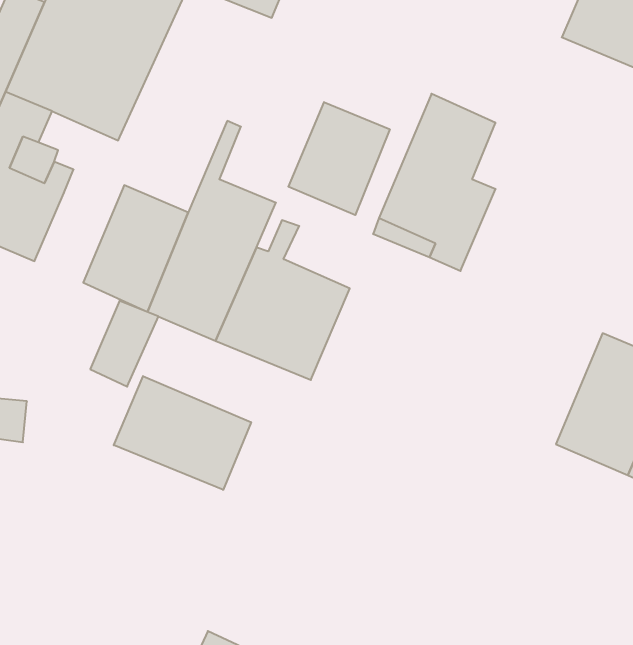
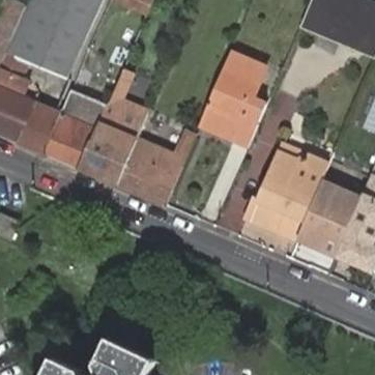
building: [288,102,390,215] -> none
building: none -> [247,155,325,239]
building: [90,301,158,387] -> [19,106,55,151]
building: [114,376,251,490] -> none

